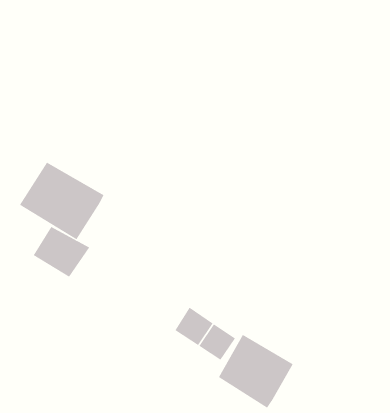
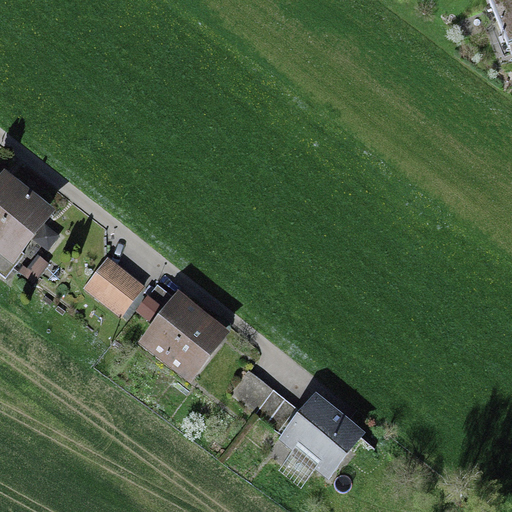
building: [19,162,104,240] -> none
building: none -> [135,294,225,380]

